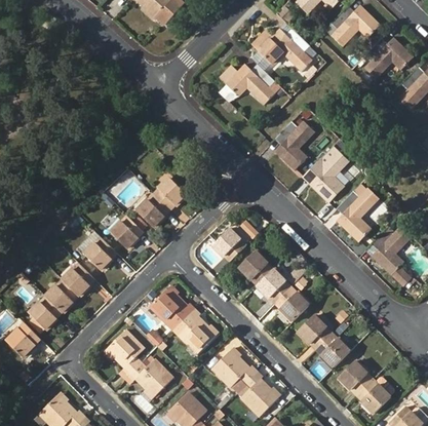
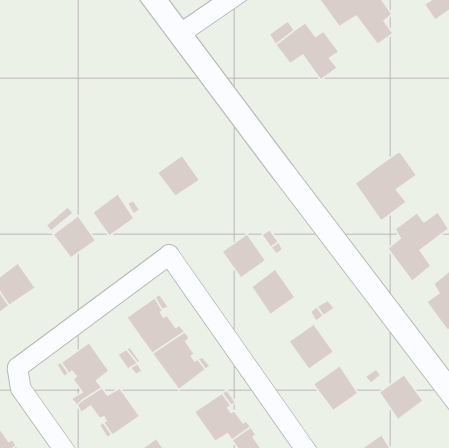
building: [275,120,314,169] -> none
building: [138,194,170,226] -> none
building: [62,263,94,296] -> none
building: [257,269,290,303] -> none
building: [316,333,350,367] -> [379,374,423,420]

